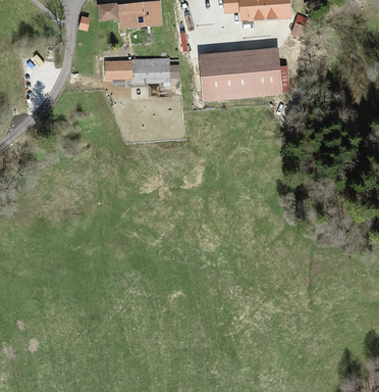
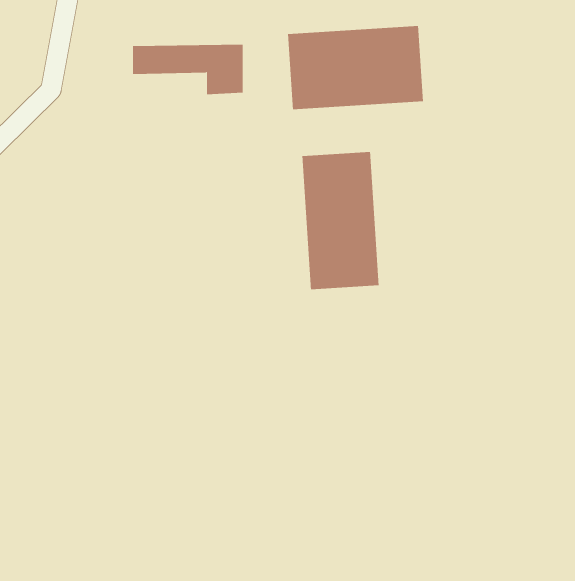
building: none -> [302,151,379,290]

